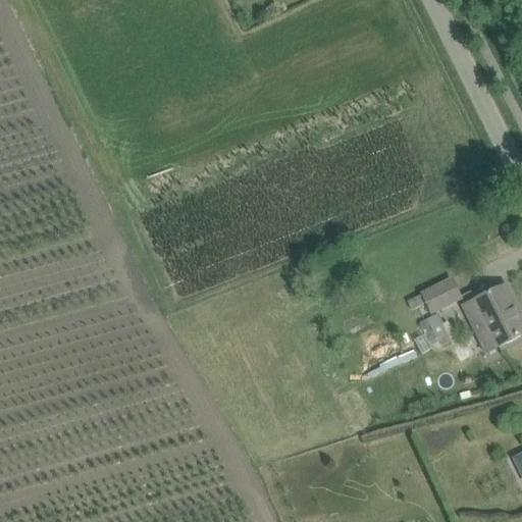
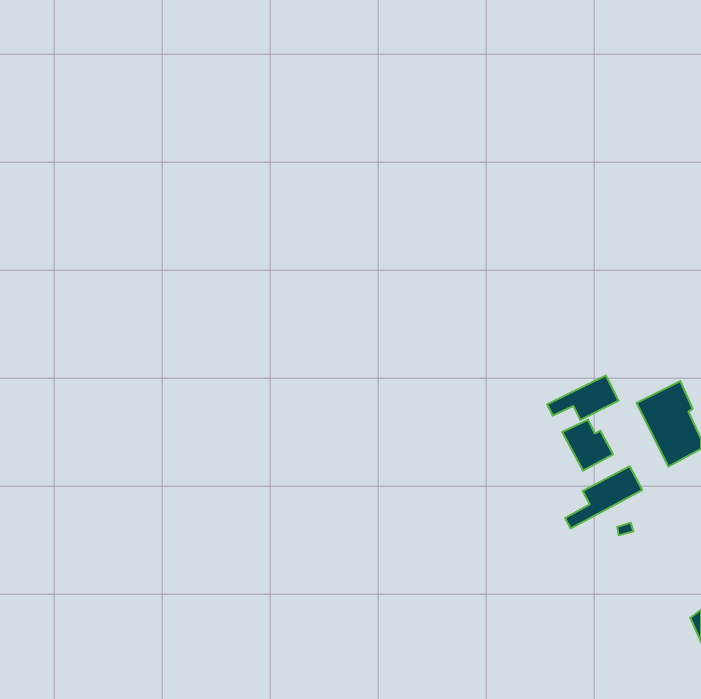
building: none -> [565,466,642,528]

